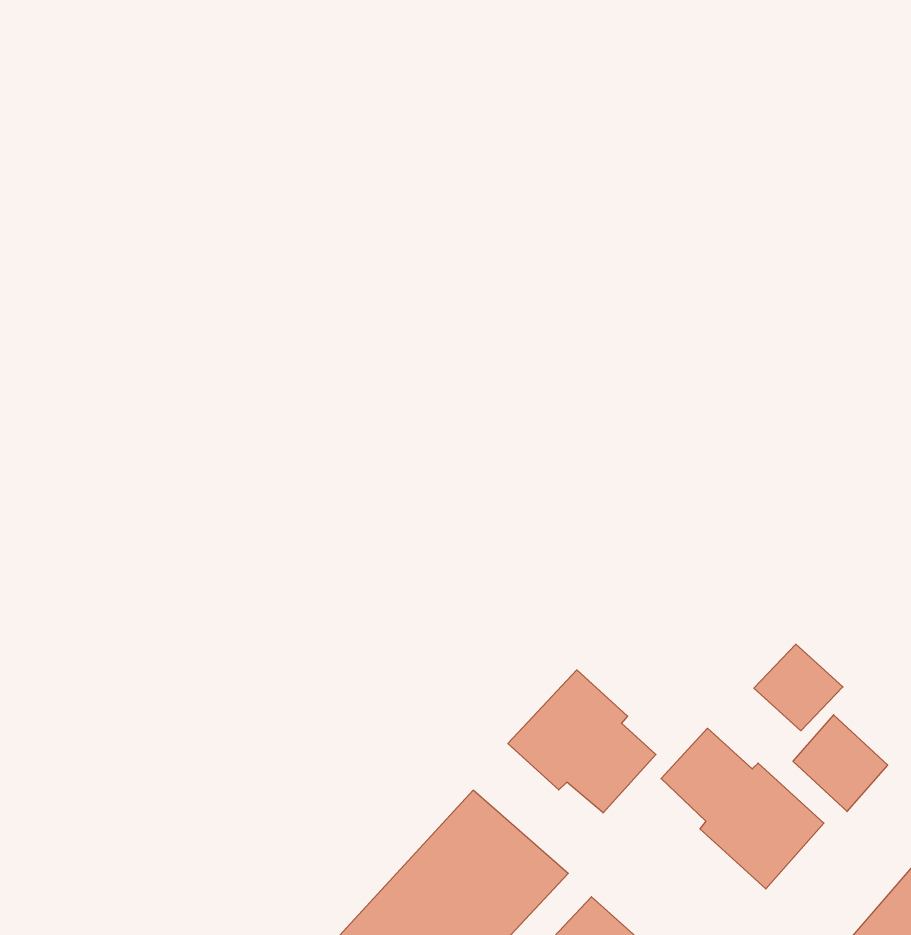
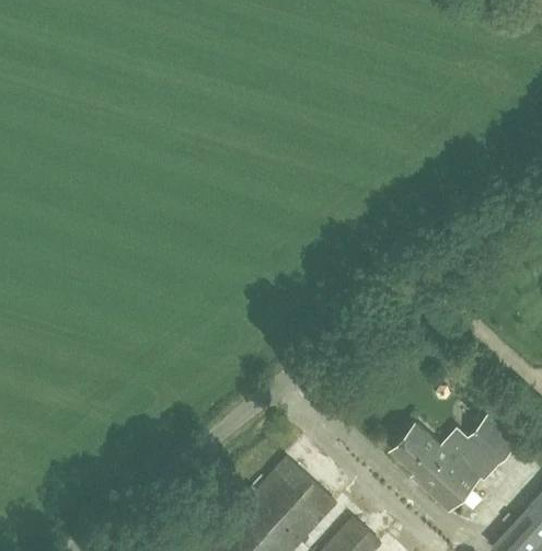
building: [754,644,843,731] -> none
building: [508,670,656,813] -> none

